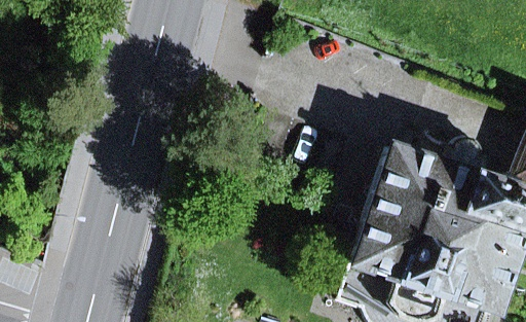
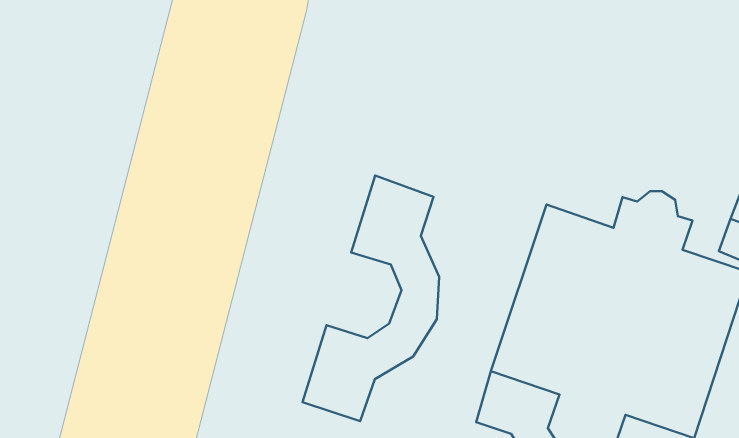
building: none -> [302,175,439,421]

